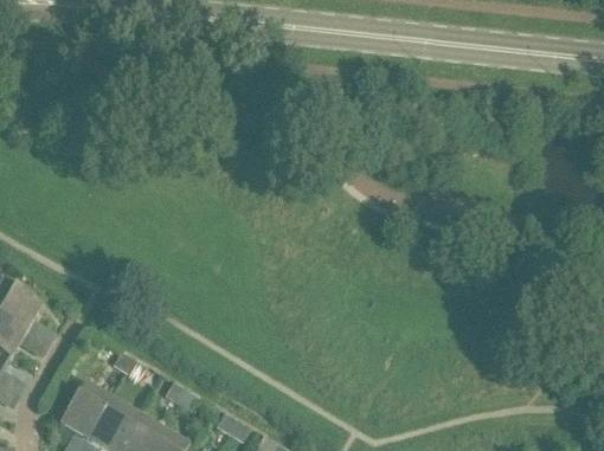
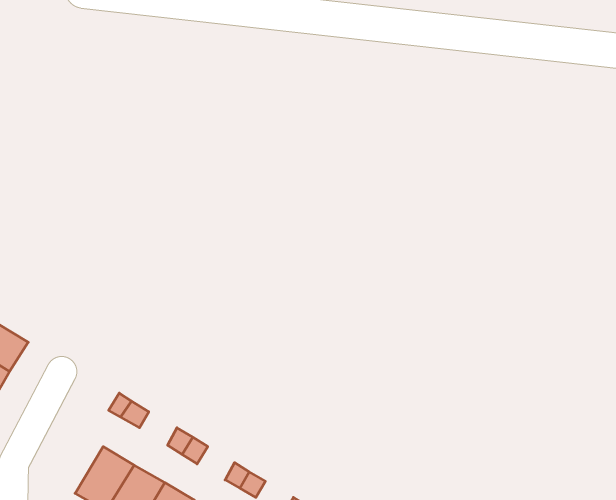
building: [58,381,108,438] -> none

